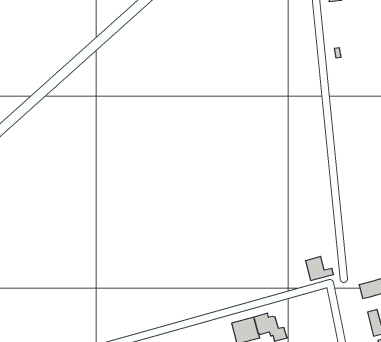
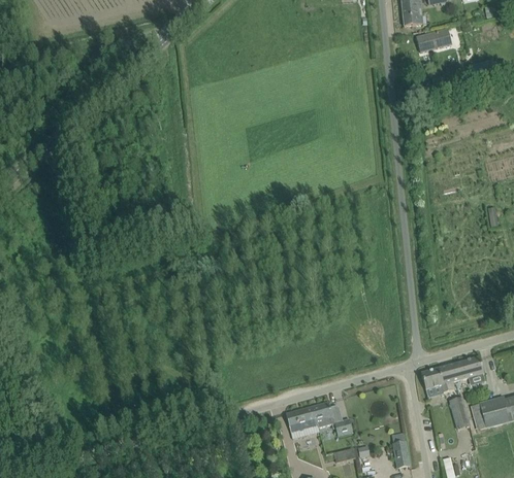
building: none -> [417,29,451,52]
building: [305,256,334,280] -> [421,367,455,396]

